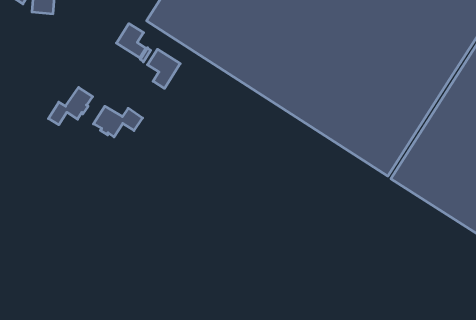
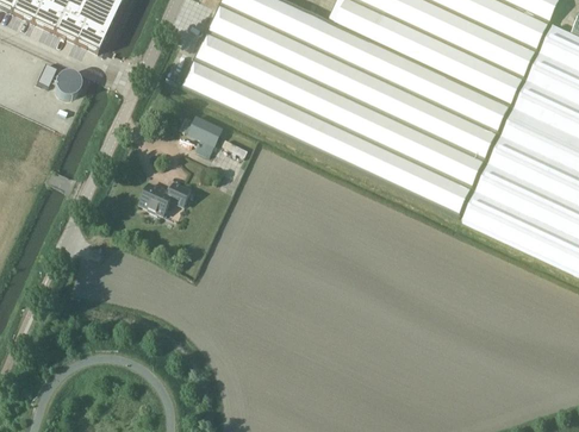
building: [116,24,146,58] -> none
building: [48,87,93,125] -> none

